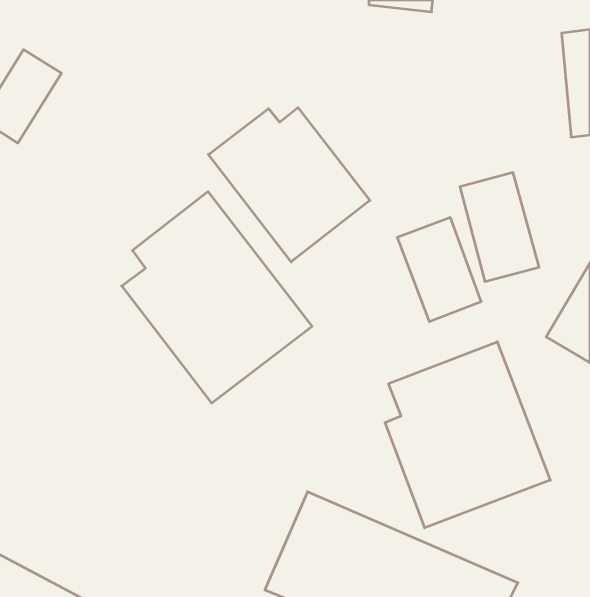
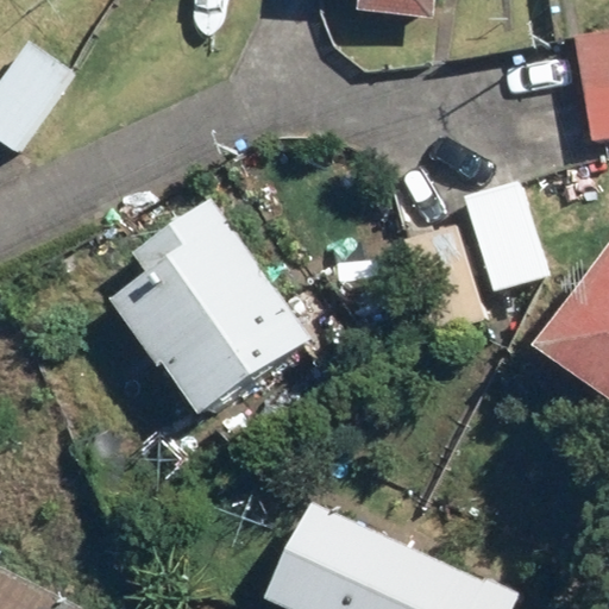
building: [208,108,370,262] -> none
building: [385,342,550,528] -> none

